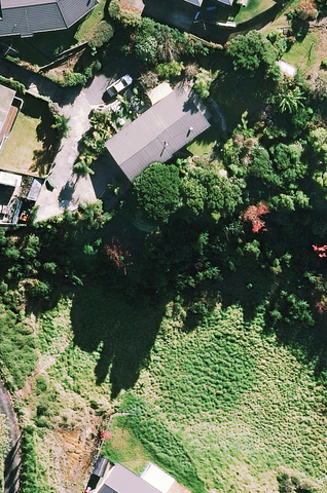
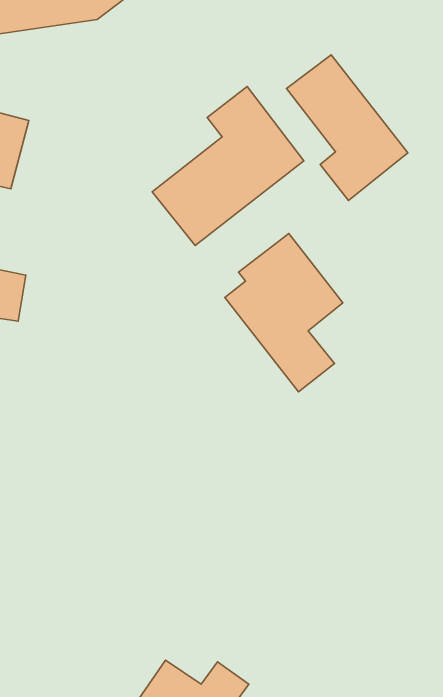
building: none -> [286,55,408,201]
building: none -> [225,233,343,392]

